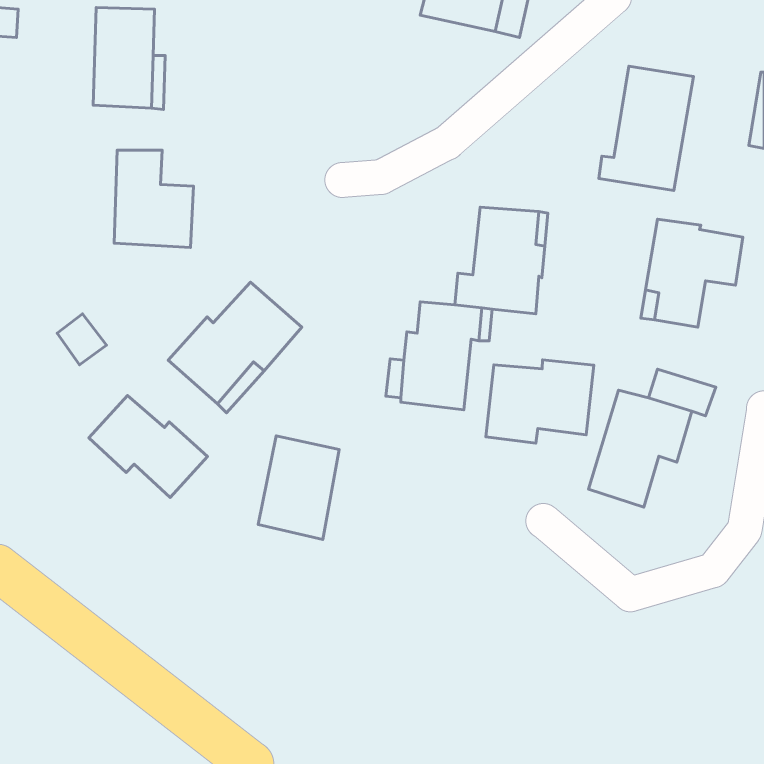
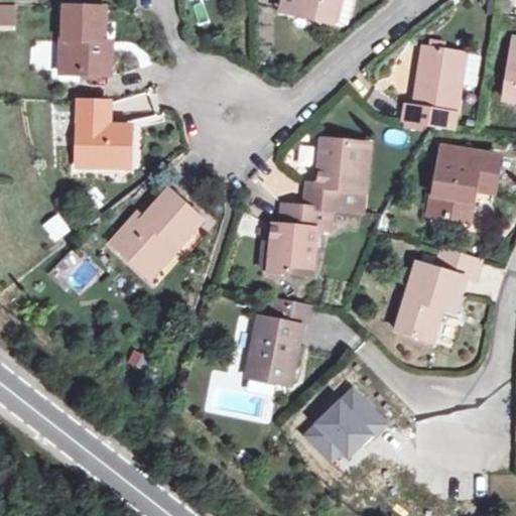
building: [486,360,594,443] -> none
building: [89,395,208,498] -> none
building: [258,436,339,539] -> [246,316,300,386]
building: none -> [301,385,387,461]

